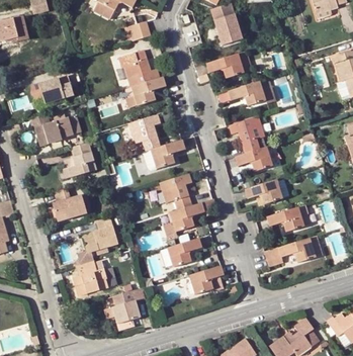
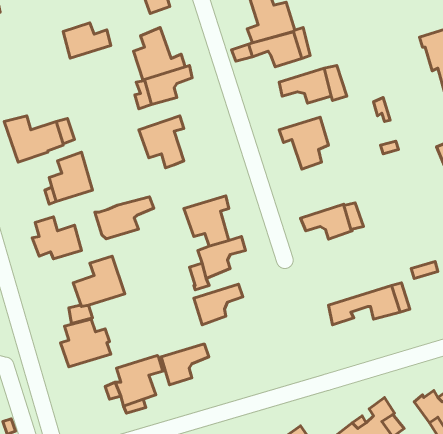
building: [40,78,75,103] -> [63,23,111,58]
building: [145,141,187,171] -> [95,197,154,239]
building: [236,147,271,170] -> none
building: [267,205,304,231] -> none
building: [191,264,226,293] -> [161,344,209,385]

